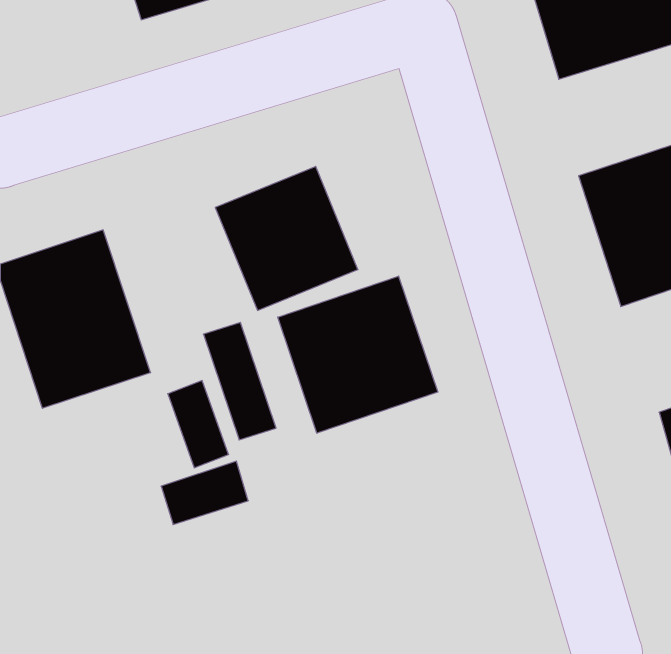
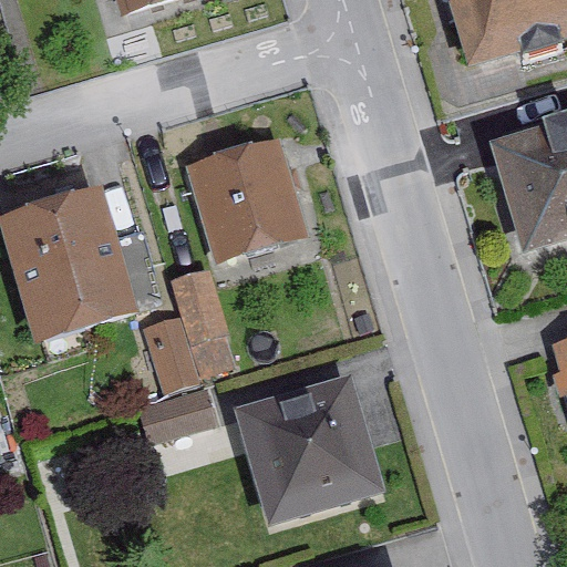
building: [278,276,438,433] -> none
building: none -> [235,379,381,525]

